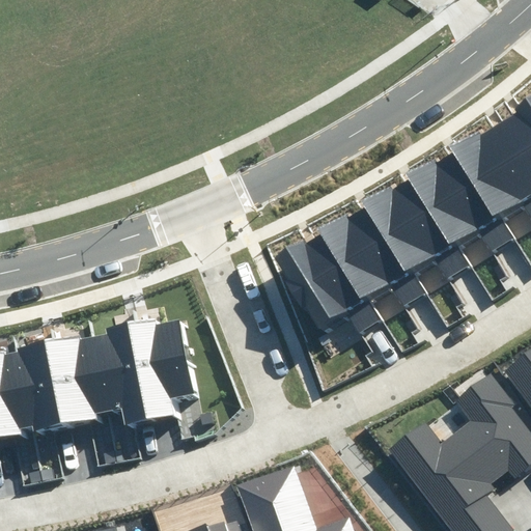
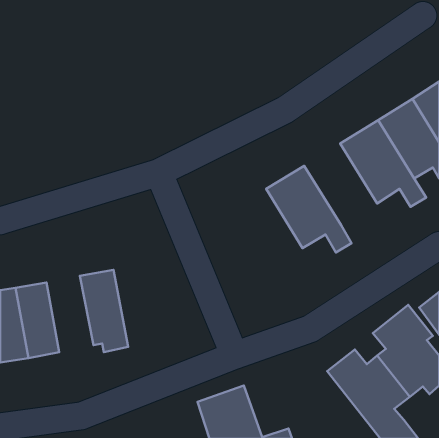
building: [367,174,468,279] -> none
building: [275,229,379,334] -> none
building: [137,319,193,420] -> none
building: [56,334,113,426] -> none

